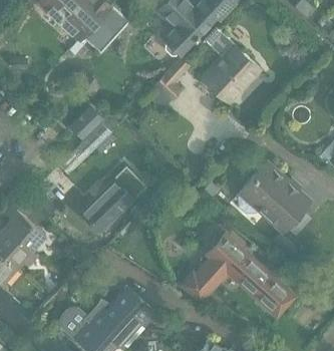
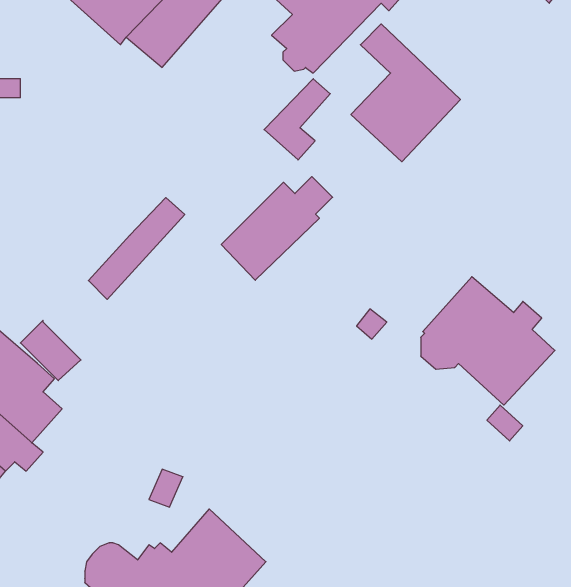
building: [69,105,103,140] -> none
building: [81,174,140,230] -> [221,177,333,280]
building: [181,236,294,315] -> none

